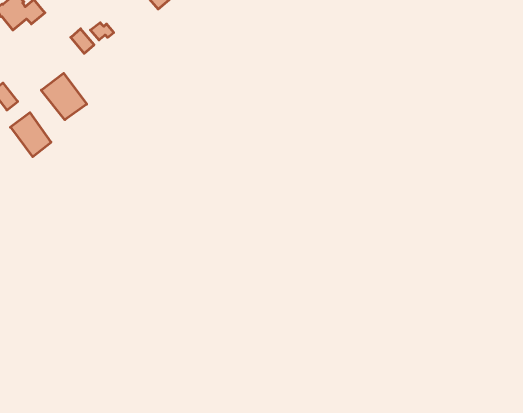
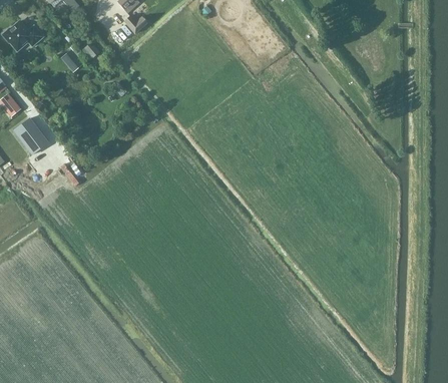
building: [41,73,87,120] -> none

